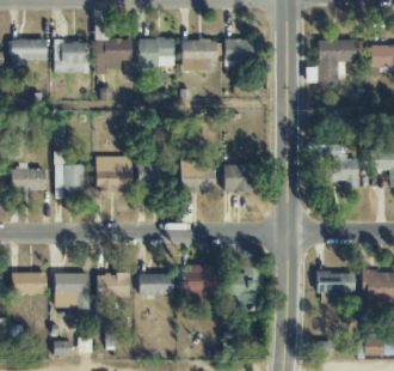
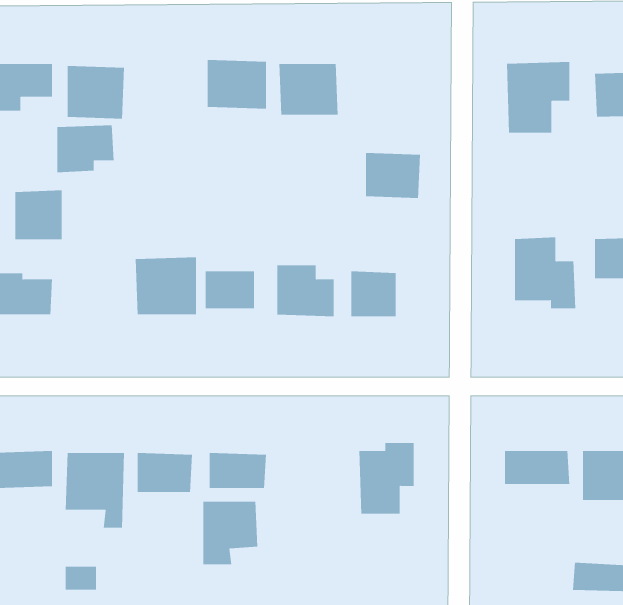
building: [97,38,131,67] -> [57,125,114,173]
building: [224,38,258,66] -> [365,153,421,198]
building: [56,164,85,194] -> [15,190,62,240]
building: [184,264,217,303] -> [202,501,258,565]

